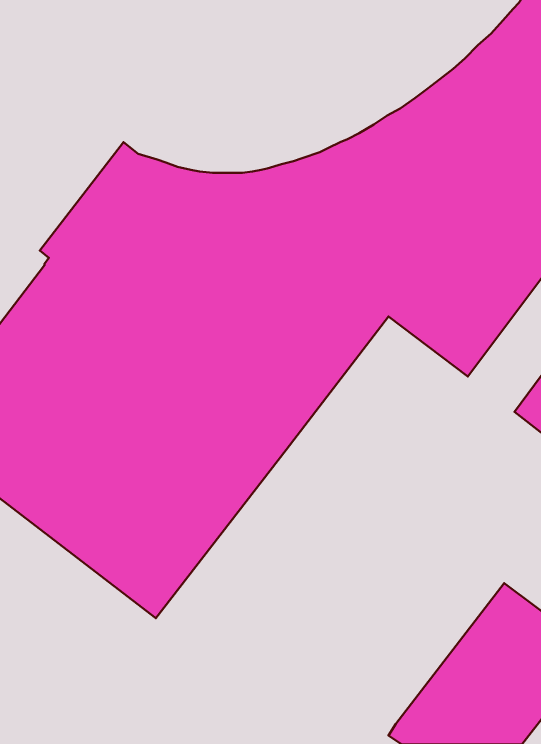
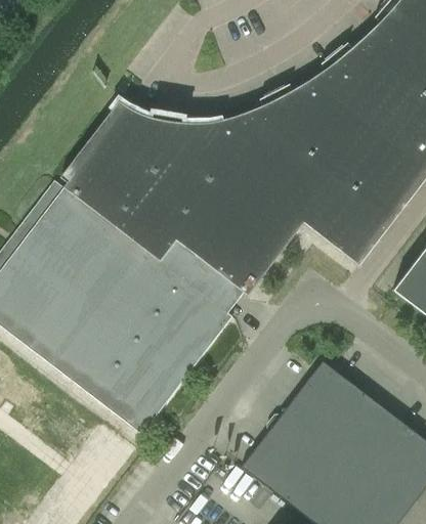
building: none -> [241,359,385,515]

